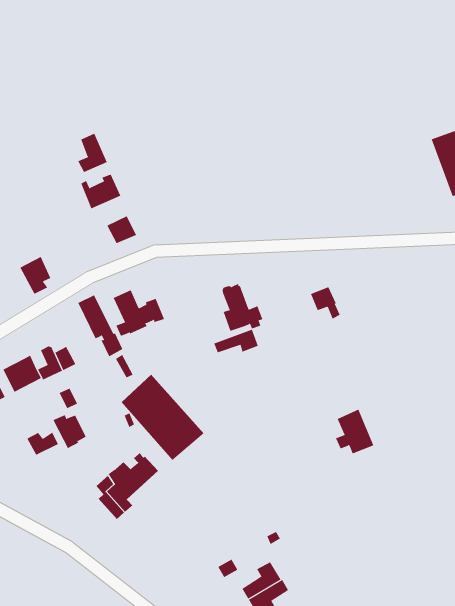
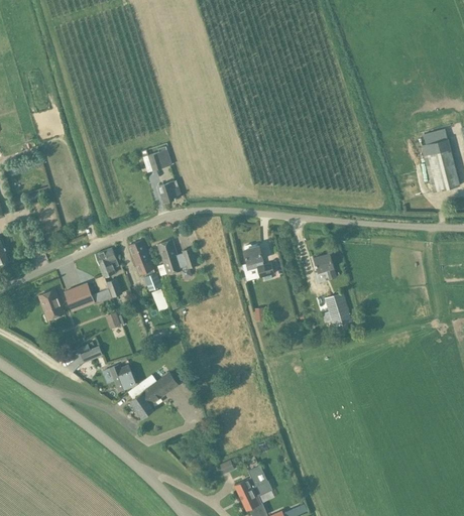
building: [78,133,107,173] -> none
building: [19,256,51,295] -> [95,247,119,277]
building: [214,329,258,353] -> none
building: [121,374,204,461] -> none
building: [335,409,374,454] -> [322,291,352,327]
building: [53,415,87,449] -> [110,364,135,391]

